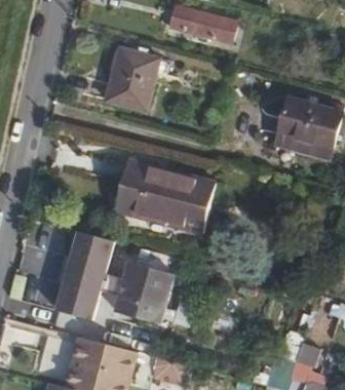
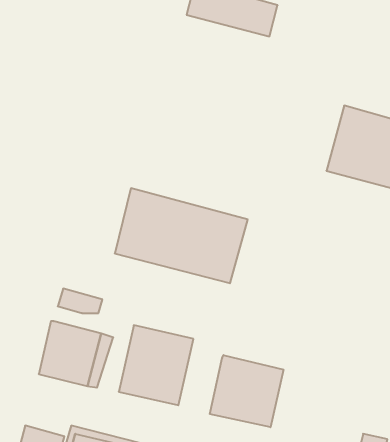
building: [107,47,162,111] -> none
building: none -> [210,355,283,427]

